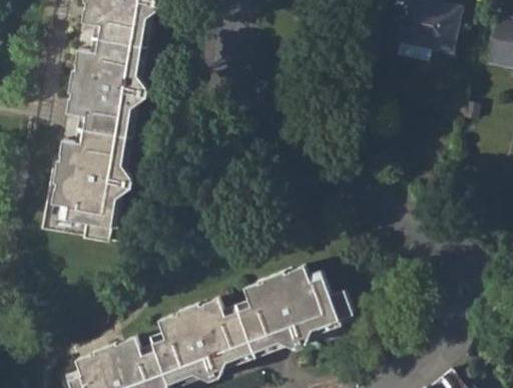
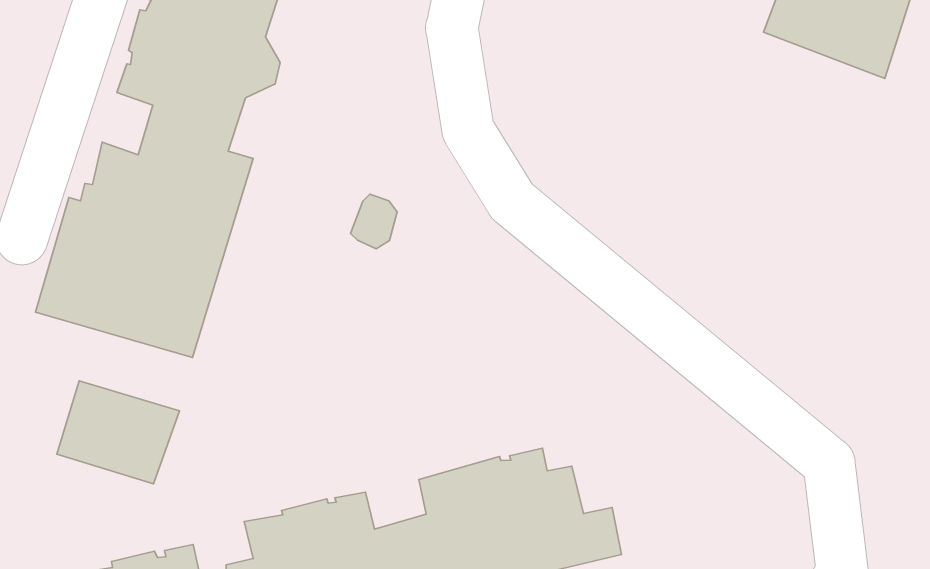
building: none -> [57,381,180,484]

